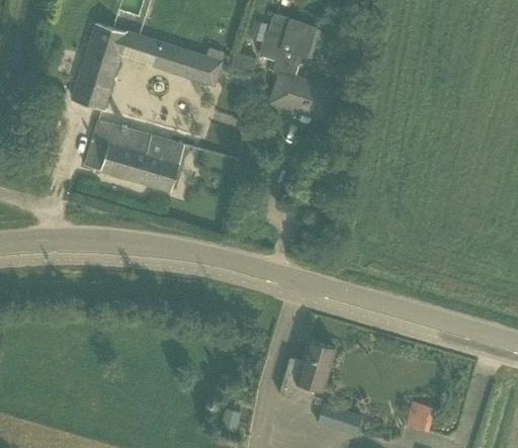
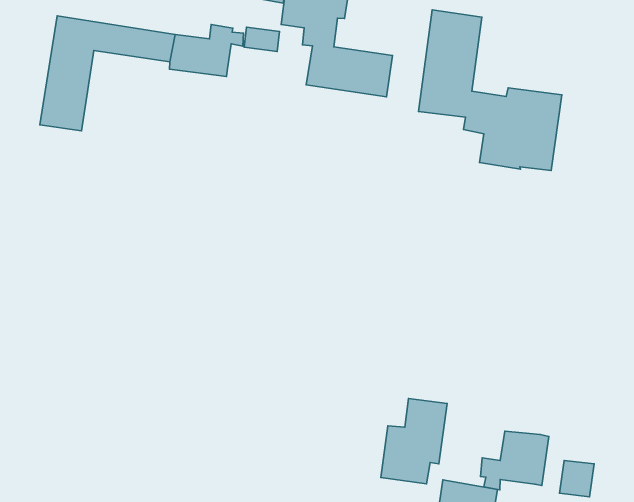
building: none -> [419,10,562,171]
building: [85,121,184,191] -> none
building: none -> [480,431,549,490]

